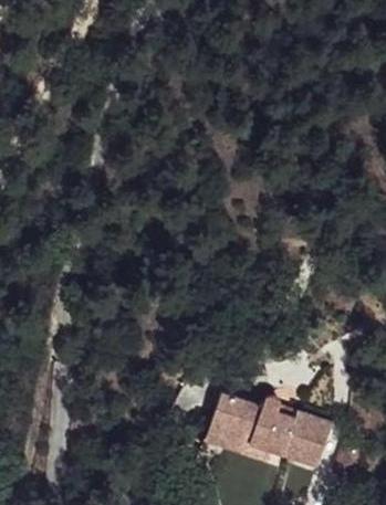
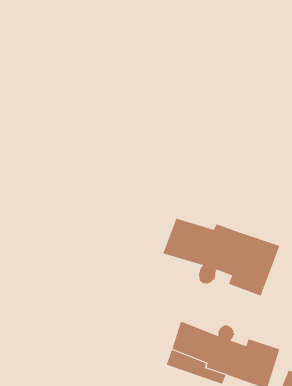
building: none -> [163,218,280,296]

